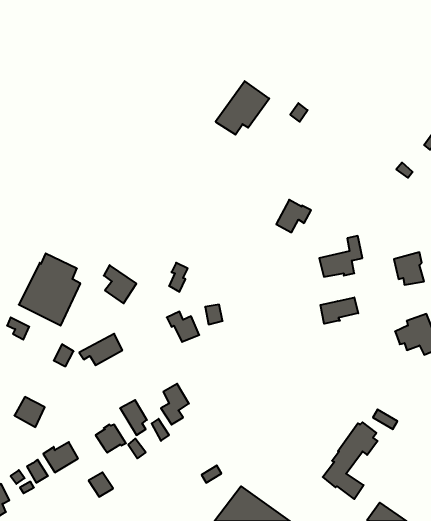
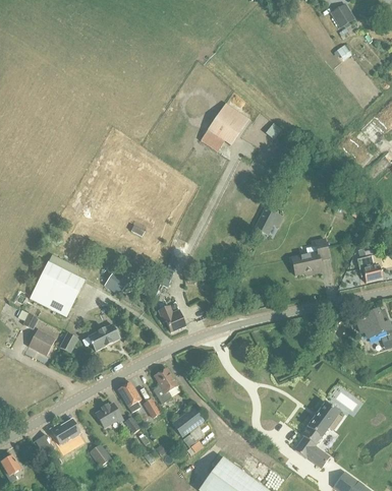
building: [320,297,358,324] -> none
building: [14,397,45,427] -> [29,329,55,356]
building: none -> [171,408,203,437]

